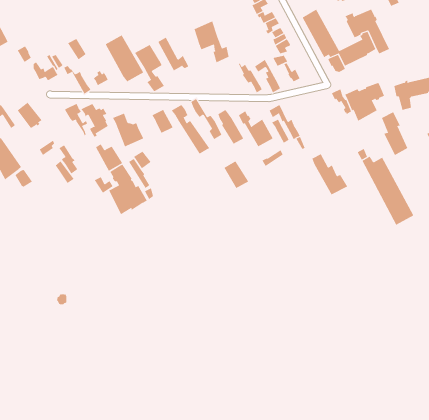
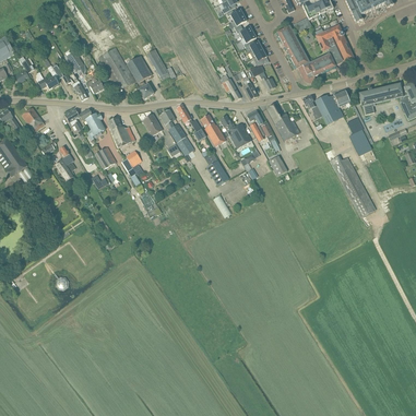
building: [194,20,229,63] -> none
building: [312,154,348,195] -> [268,103,300,140]
building: [109,164,148,215] -> none

